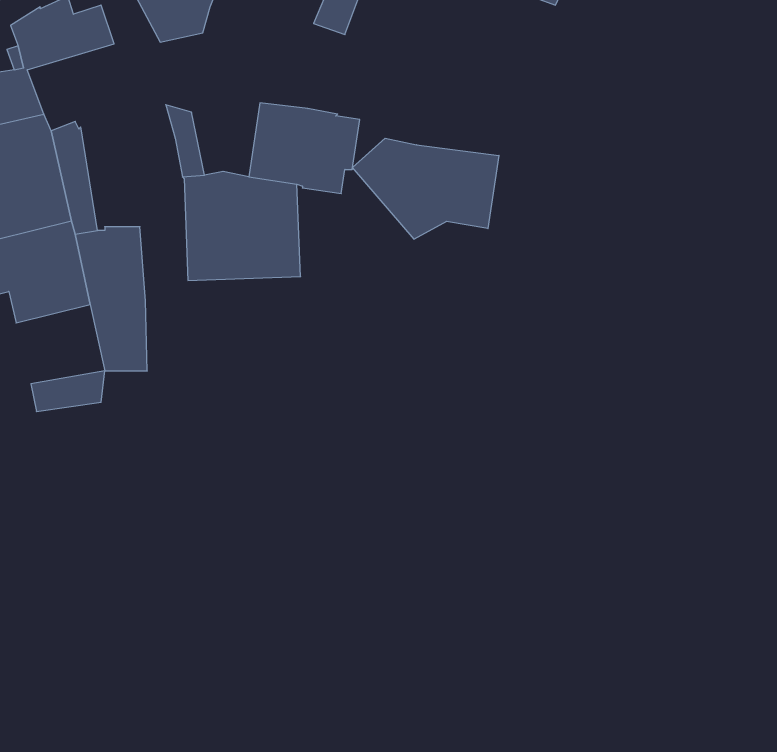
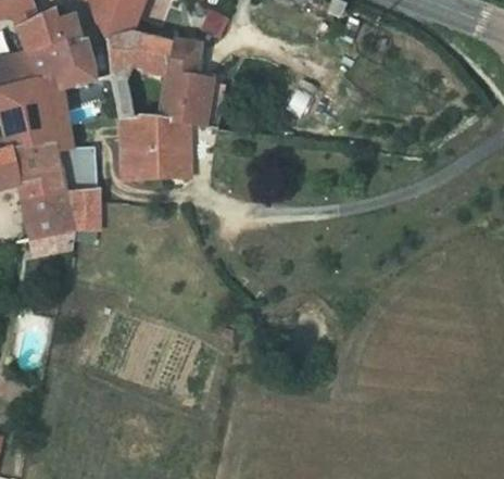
building: none -> [106,31,198,76]
building: none -> [28,38,94,89]
building: [353,138,499,239] -> none
building: none -> [22,191,74,238]

